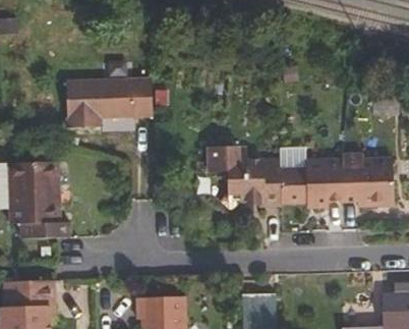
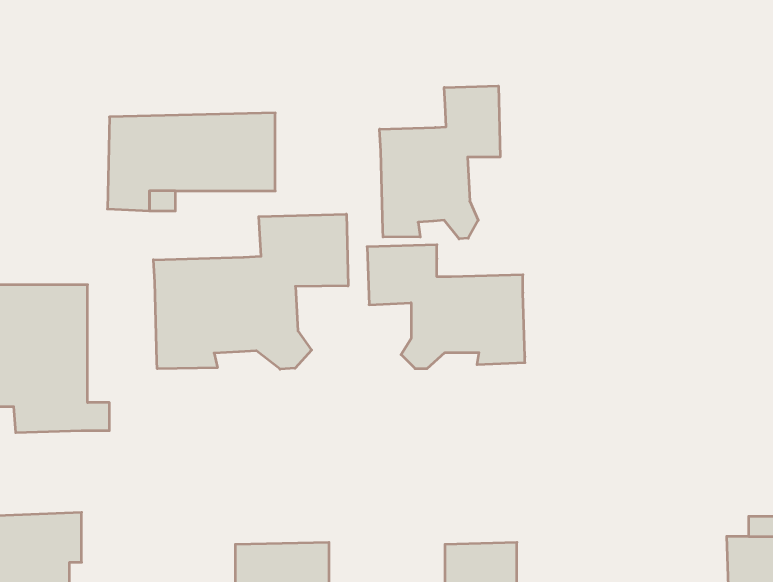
building: none -> [380,86,500,239]
building: none -> [153,214,348,369]
building: [281,154,396,206] -> none

